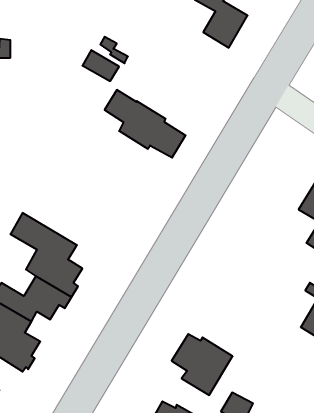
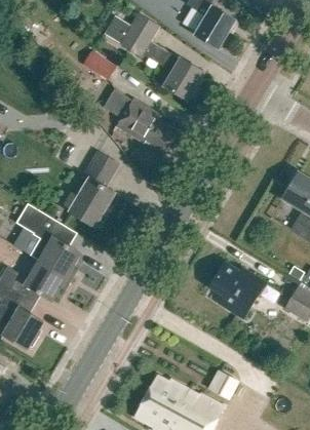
building: none -> [105,12,204,100]
building: none -> [70,152,119,226]
building: [172,334,233,395] -> [209,262,266,318]

